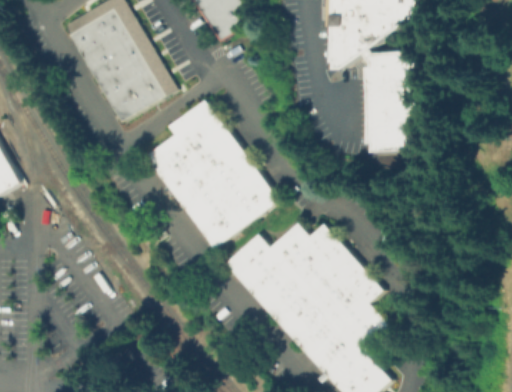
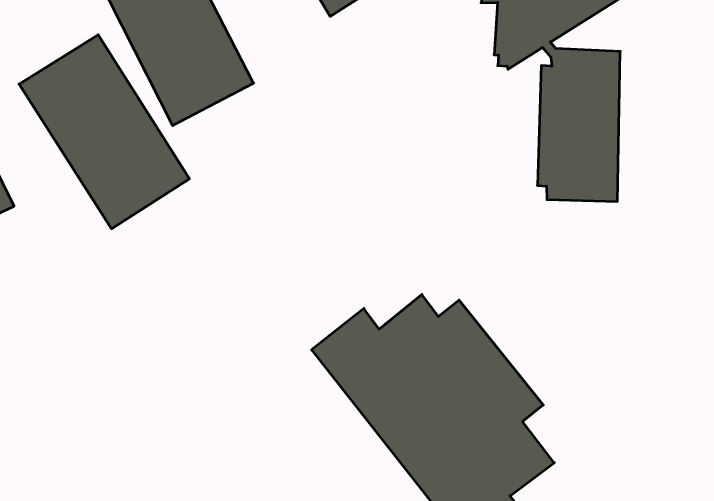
building: none -> [19,35,189,229]
building: [148,100,280,250] -> none

